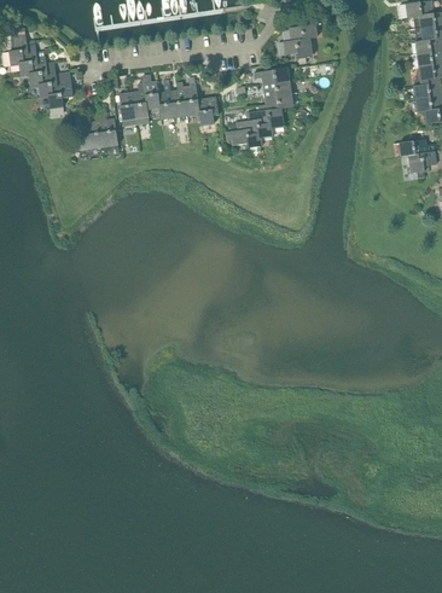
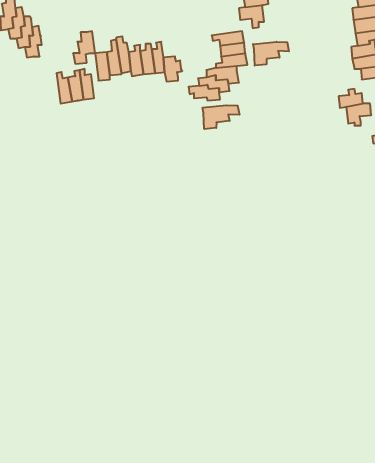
building: [47,71,72,109] -> [73,31,95,64]
building: none -> [253,42,289,66]
building: none -> [203,105,239,129]

